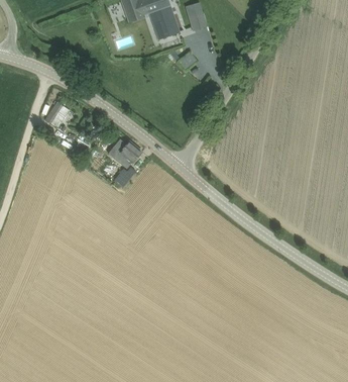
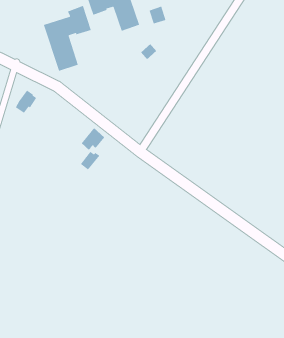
building: none -> [43,5,92,72]

